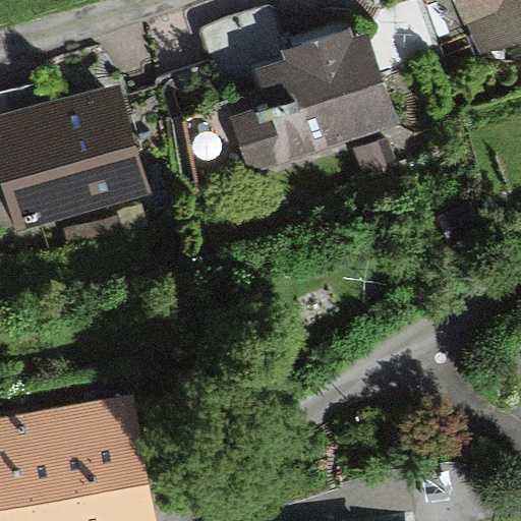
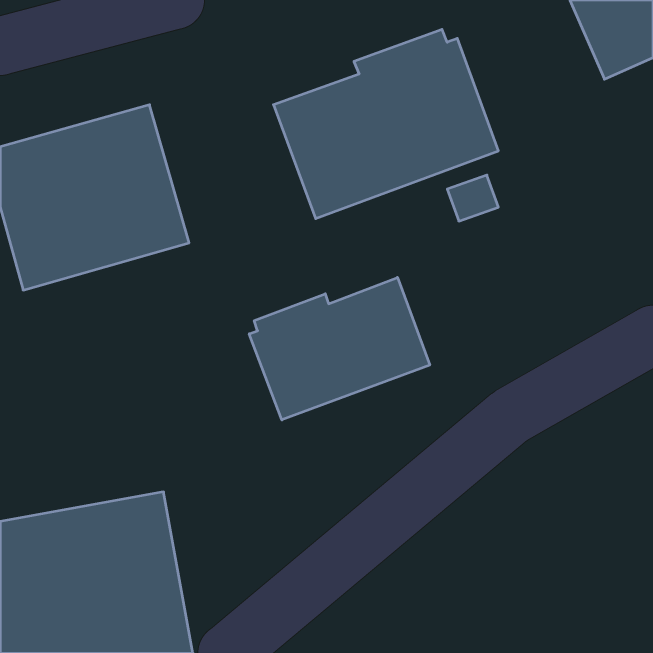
building: none -> [249,277,430,420]

